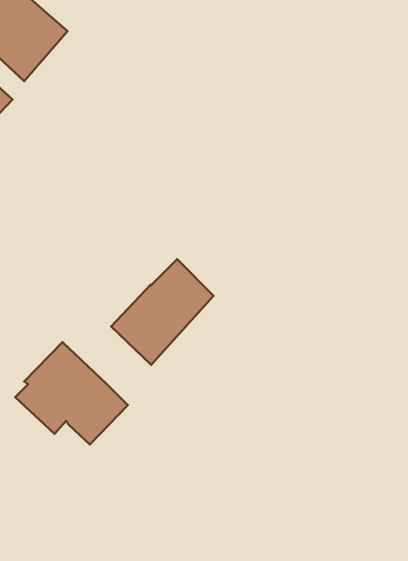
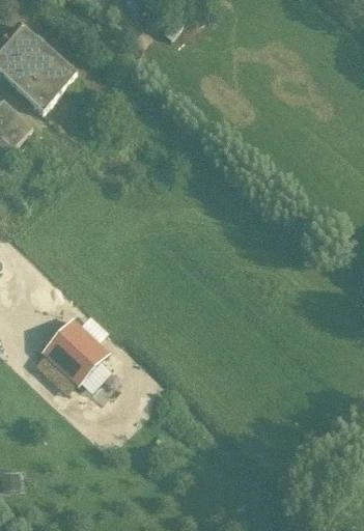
building: [111,259,213,365] -> none

